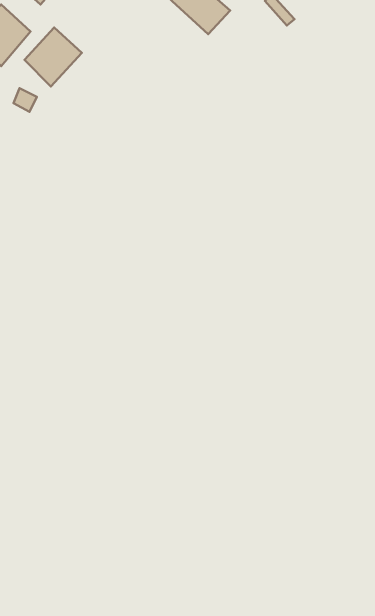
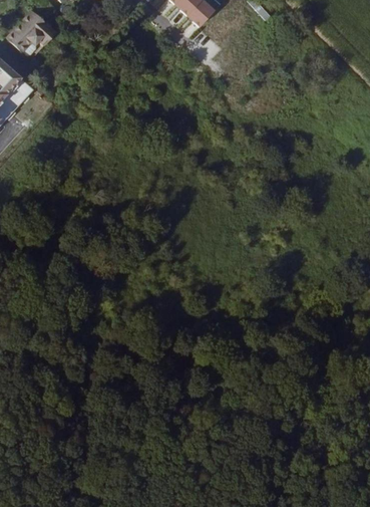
building: [25,28,82,87] -> none

